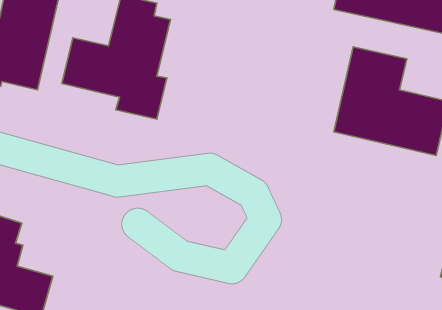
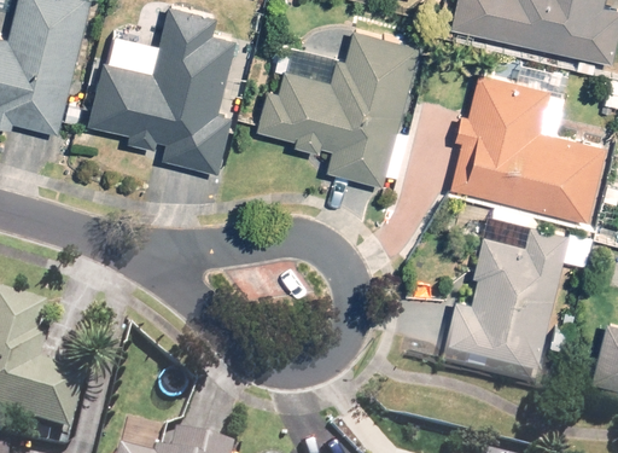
building: none -> [257,30,419,185]
building: none -> [441,227,569,378]

